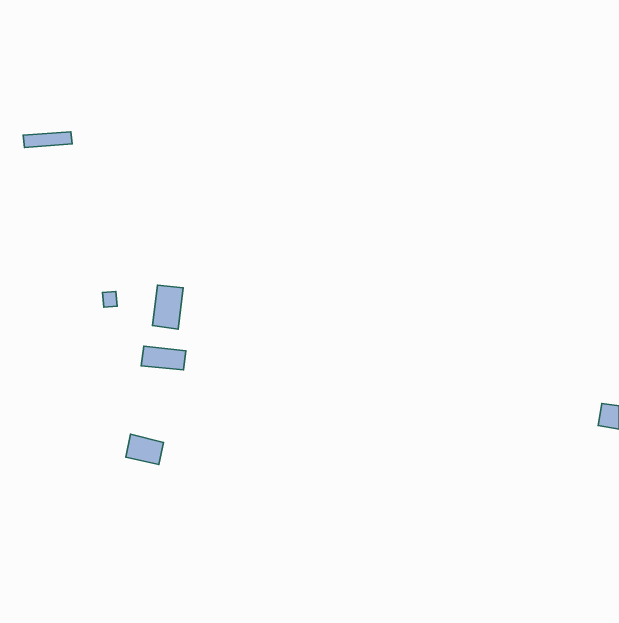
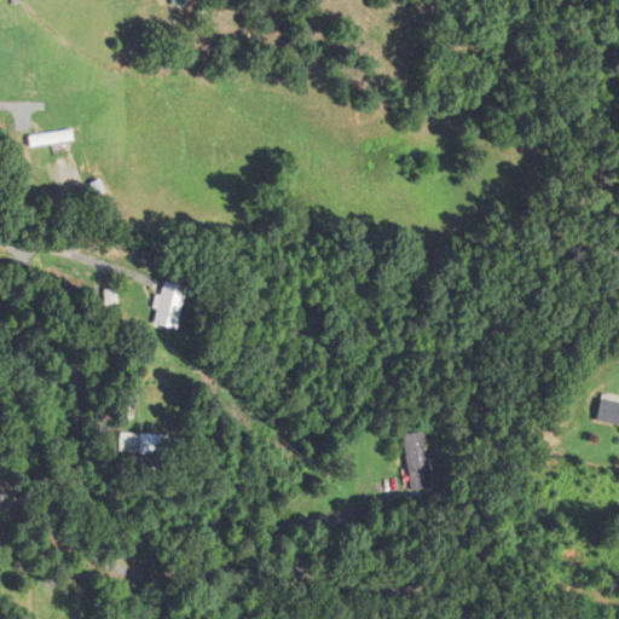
building: [141,346,186,370] -> none
building: none -> [403,430,438,492]

